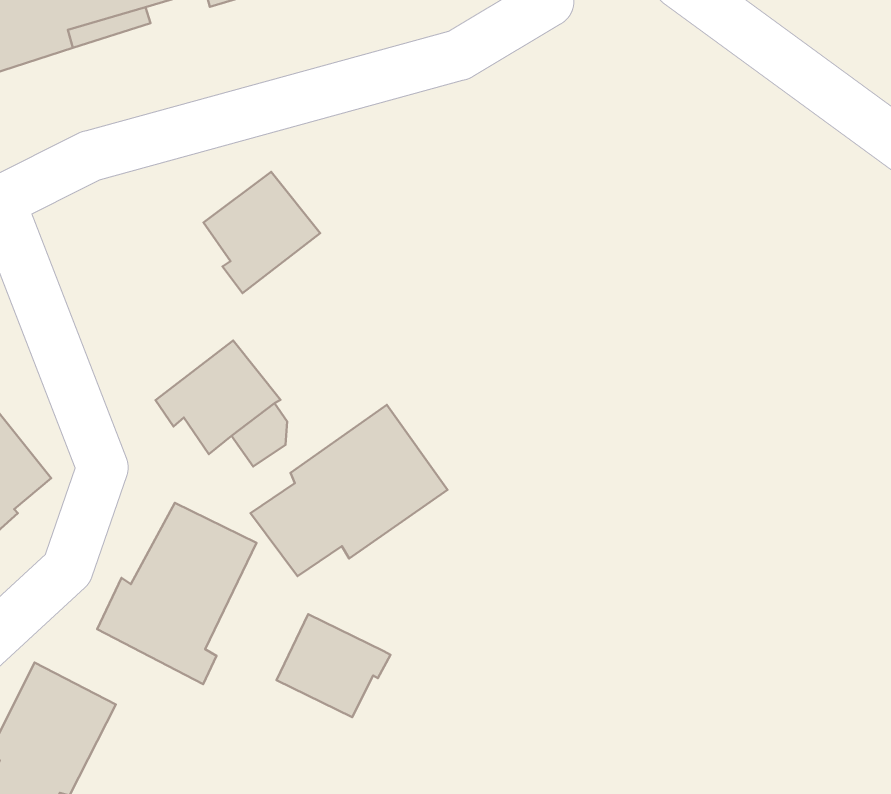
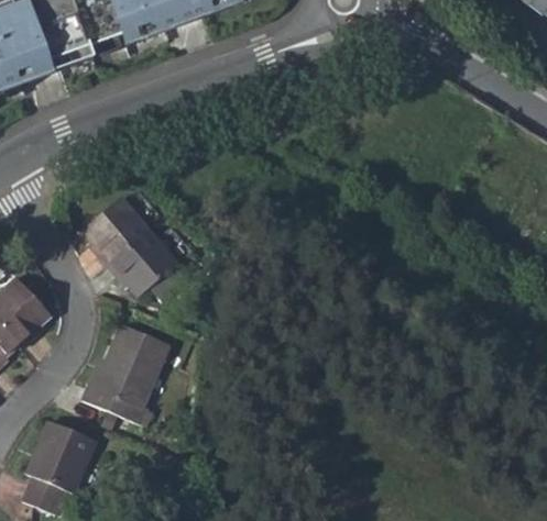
building: [204,172,320,293] -> [83,198,149,267]
building: [251,405,447,576] -> none
building: [277,614,391,717] -> none

